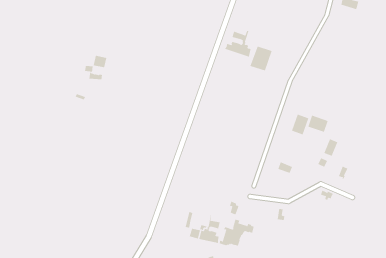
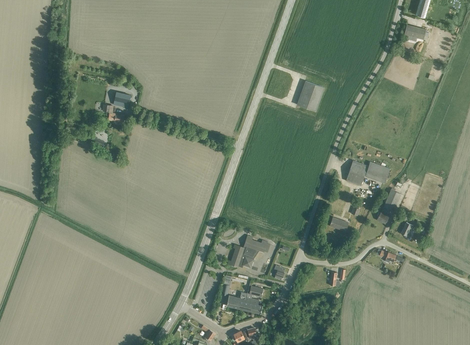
building: [224,30,251,58] -> none
building: [219,219,255,246] -> [228,235,270,267]

